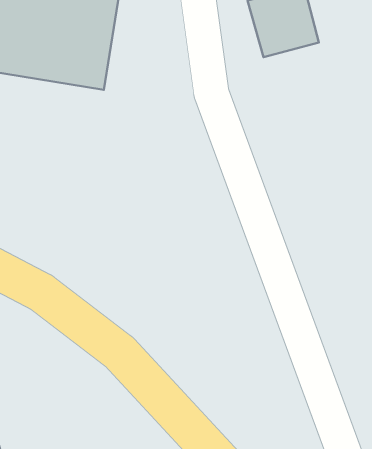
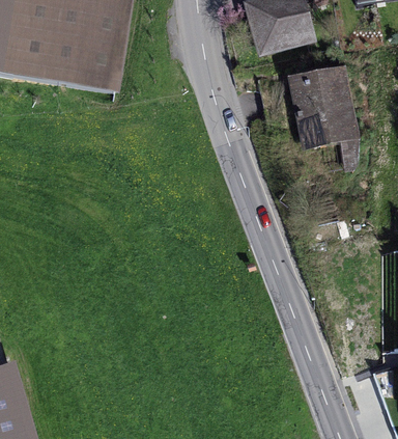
building: none -> [295,64,357,139]

